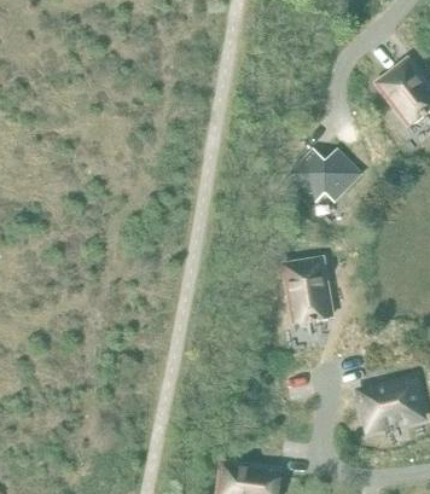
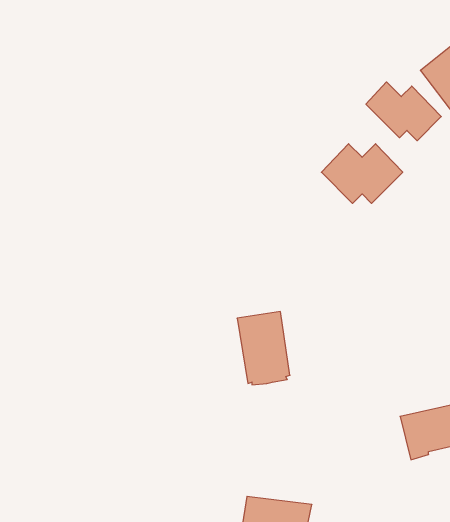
building: none -> [366,82,441,141]
building: [284,258,331,324] -> [237,312,290,385]

